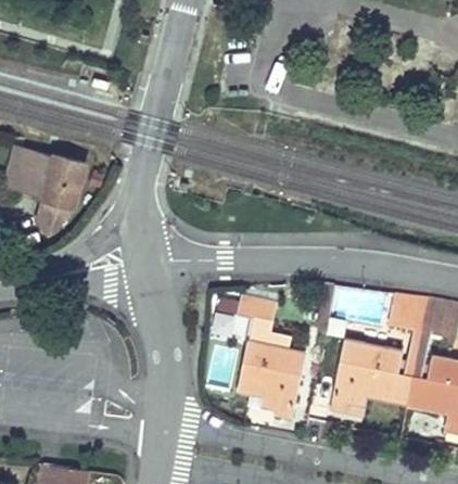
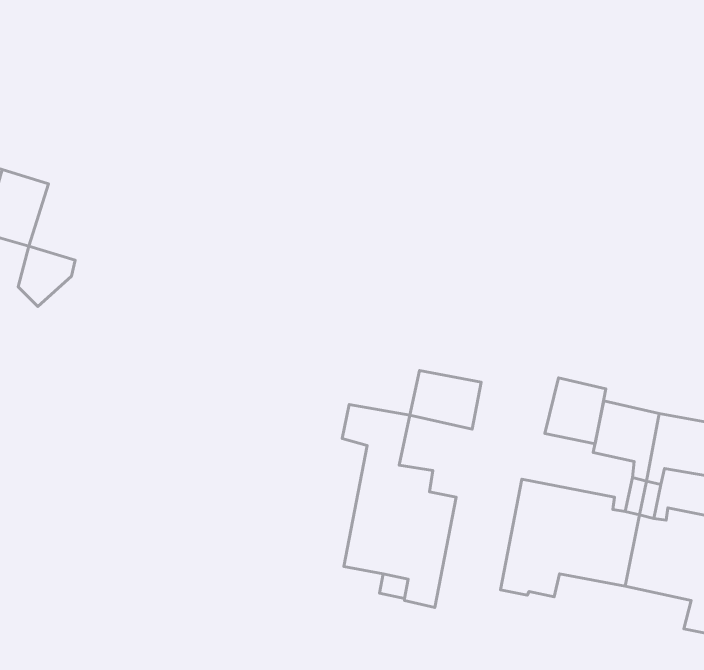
building: [44,157,86,206] -> none
building: none -> [410,371,481,429]
building: none -> [545,378,606,444]

